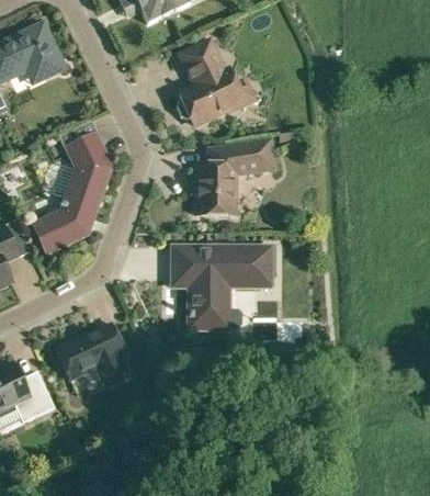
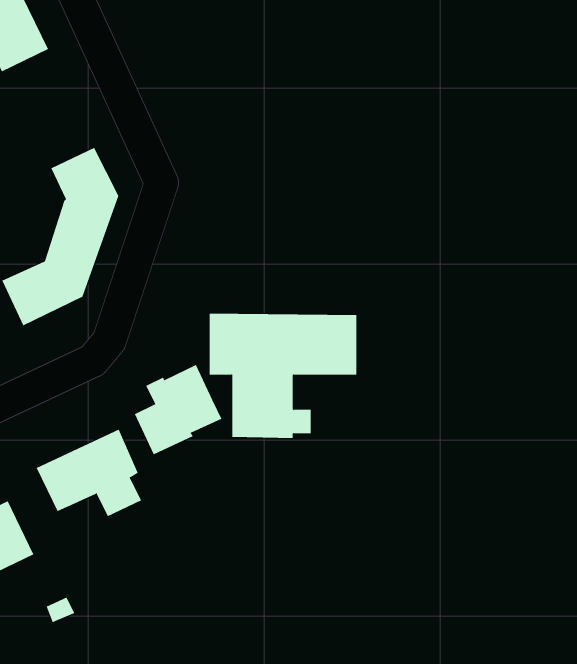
building: [177,40,258,124] -> none
building: [196,139,274,214] -> none
building: none -> [134,364,222,455]

